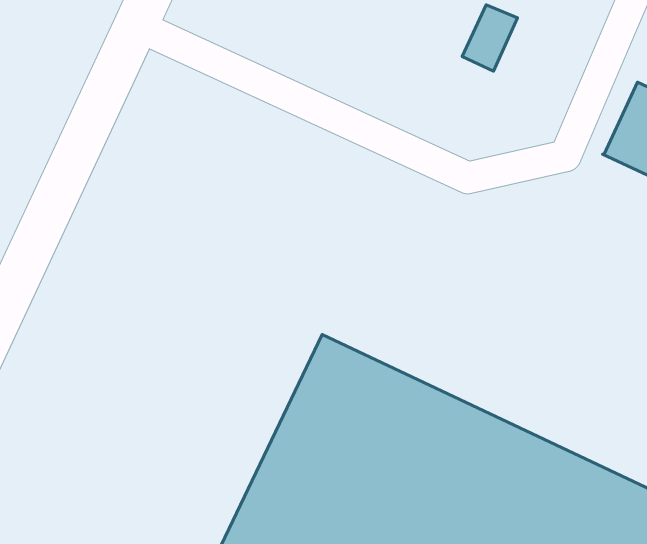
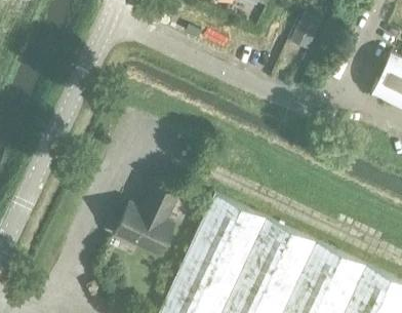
building: none -> [115,185,176,255]

